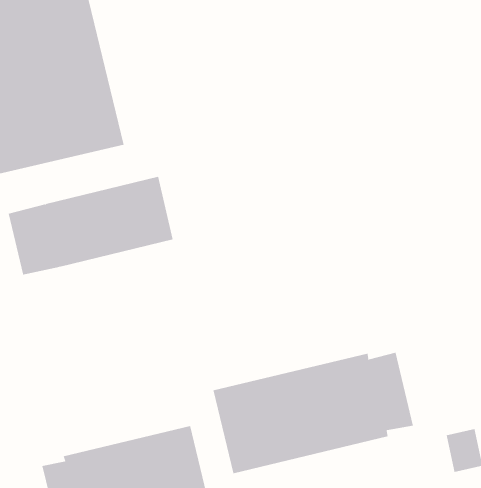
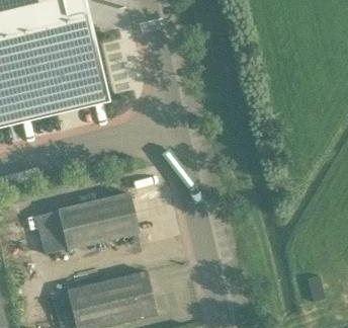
building: [8,176,174,275] -> [34,193,138,255]
building: [213,352,414,474] -> none

